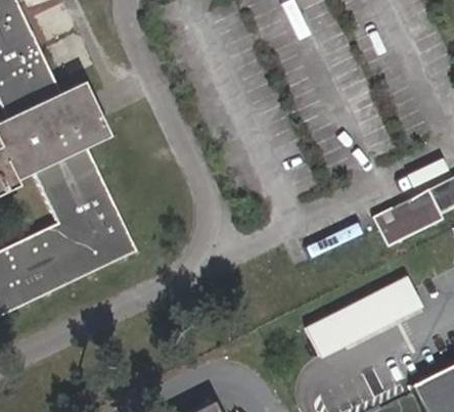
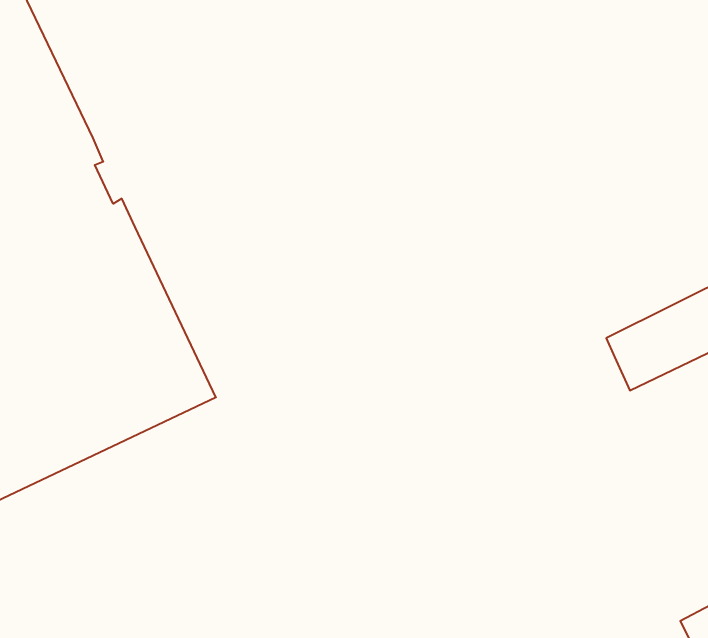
building: [60,82,109,147] -> none
building: [304,276,420,357] -> none

